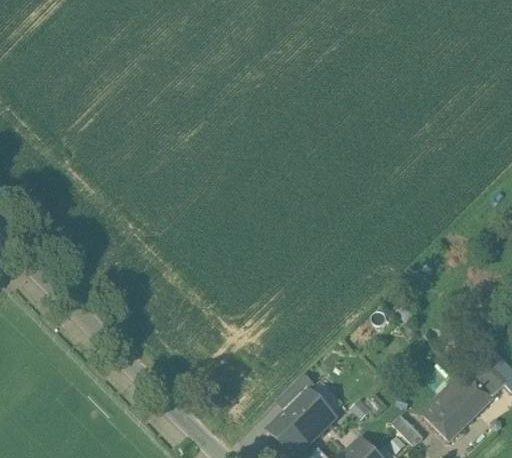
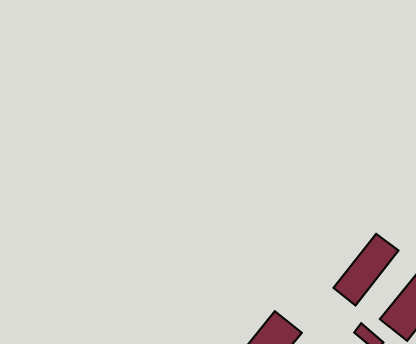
building: none -> [333,234,399,306]

